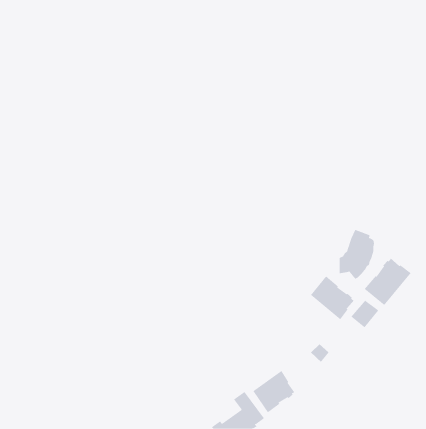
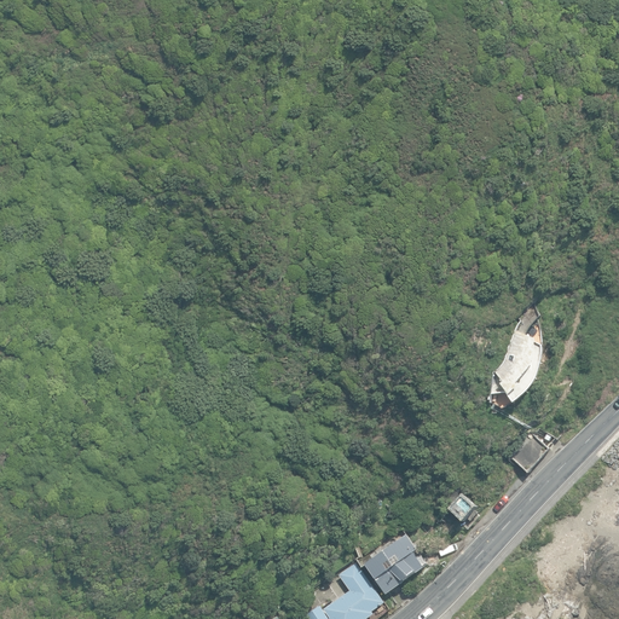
building: [364,258,412,306] -> none
building: [310,276,354,320] -> none

